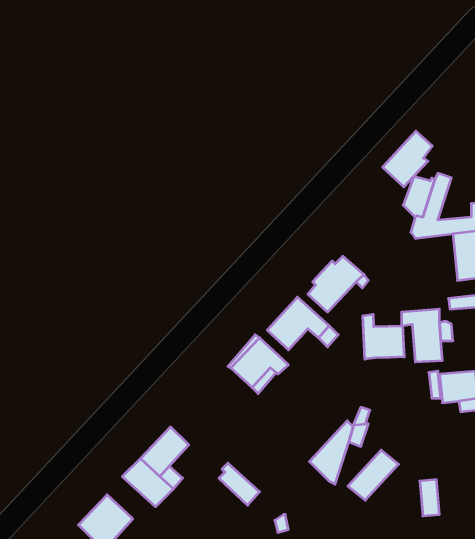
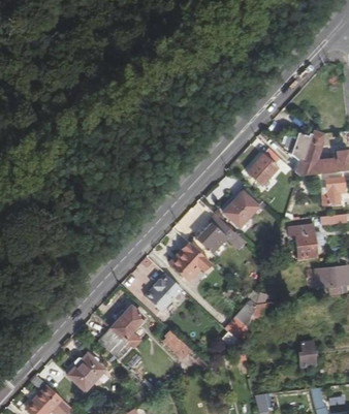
building: [383,131,432,187] -> [247,148,281,186]
building: [363,314,404,359] -> none
building: none -> [146,274,183,311]
building: [348,450,399,500] -> none

